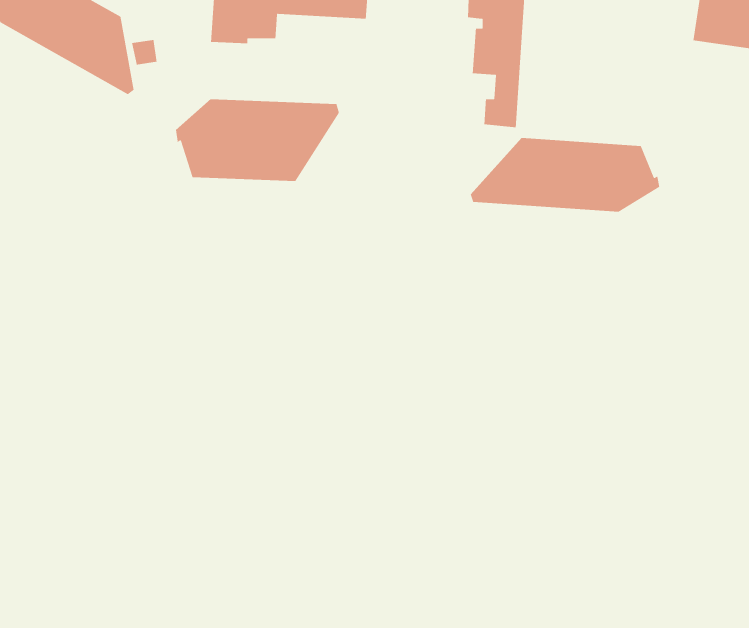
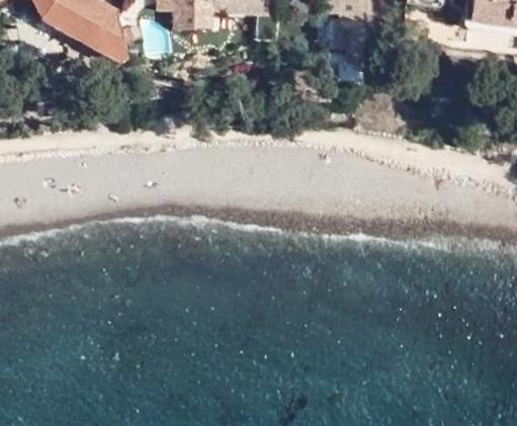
building: [175,99,340,182] -> none
building: [470,137,660,212] -> none

